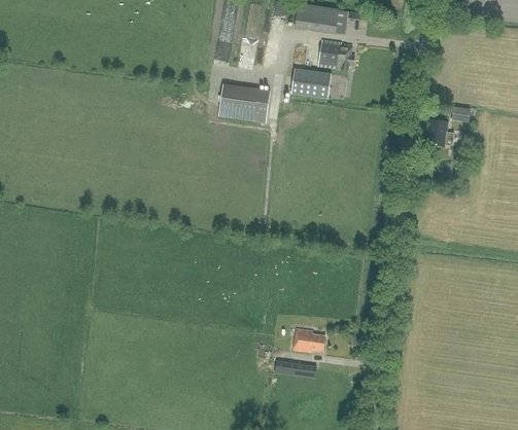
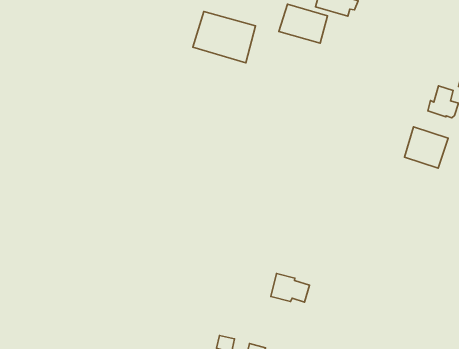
building: none -> [404,127,448,168]
building: [293,329,325,352] -> [271,273,309,302]

